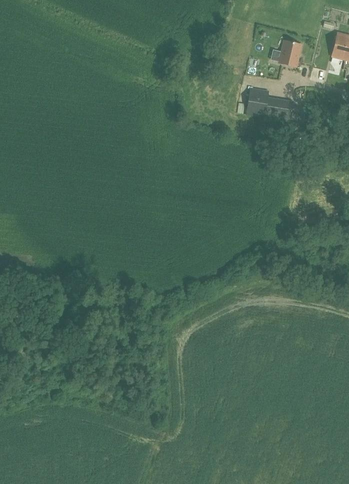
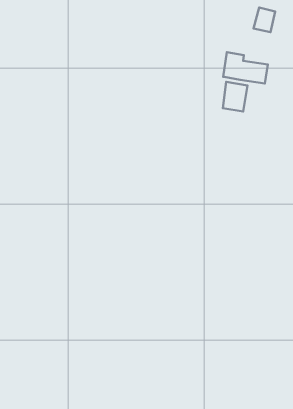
building: none -> [223,82,248,111]

